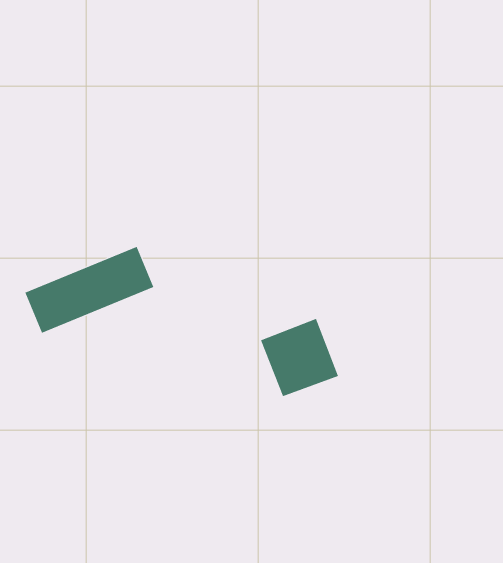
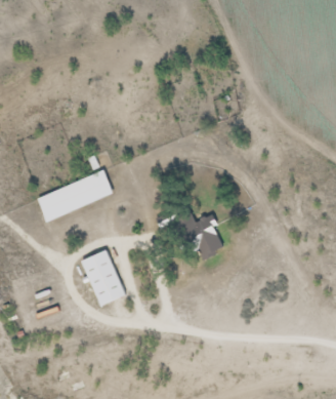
building: none -> [82,249,125,306]

